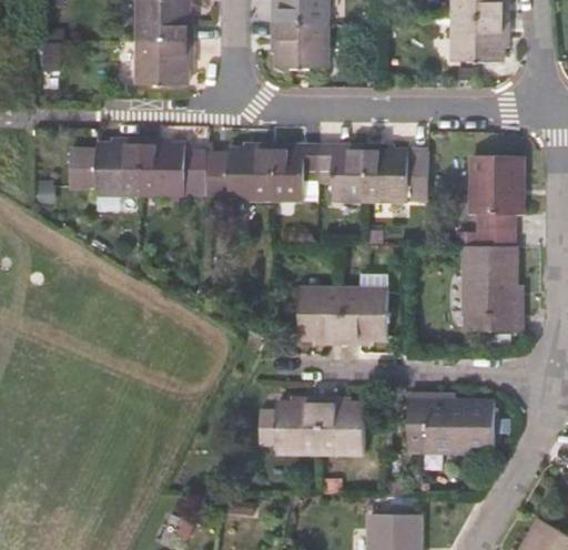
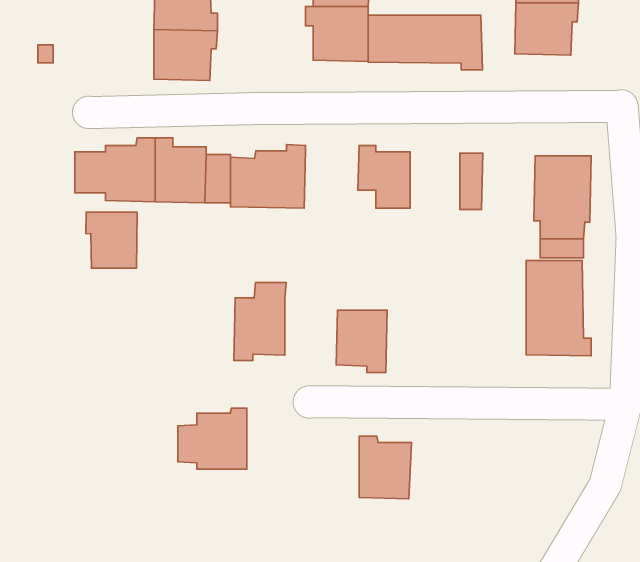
building: none -> [368,15,482,70]
building: [271,144,318,200] -> none
building: [363,145,406,201] -> none
building: none -> [86,212,137,268]
building: [342,275,387,343] -> [234,283,286,360]
building: [412,393,495,449] -> none
building: [258,398,318,451] -> [178,408,247,469]

